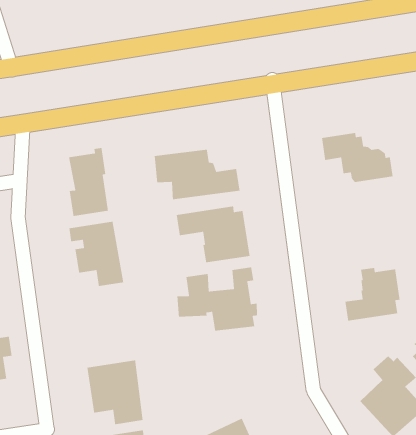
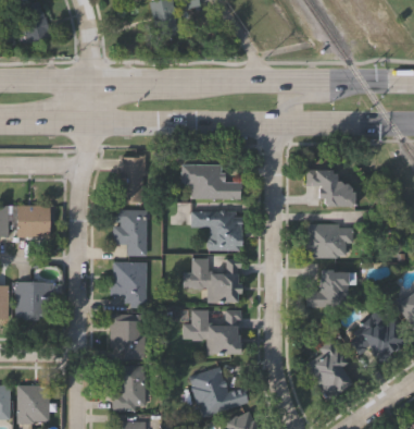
building: none -> [308,221,354,256]
building: none -> [110,260,147,306]
building: none -> [183,307,242,355]

